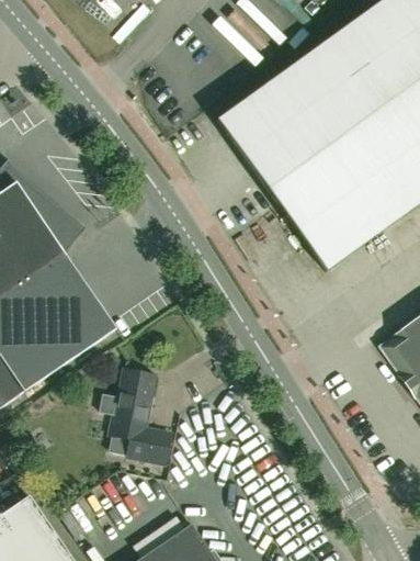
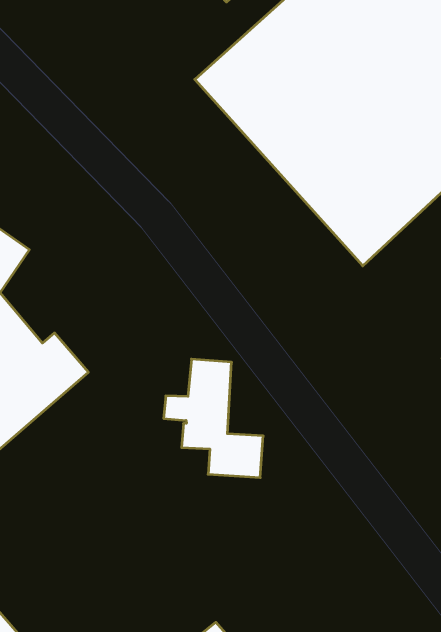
building: [99,370,171,463] -> [164,359,263,478]

